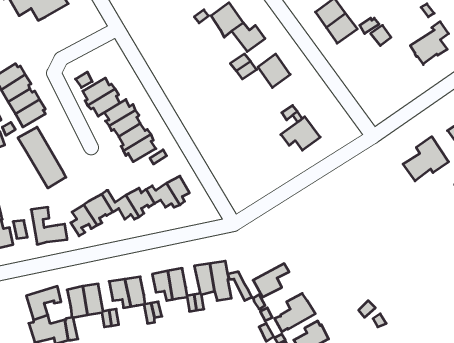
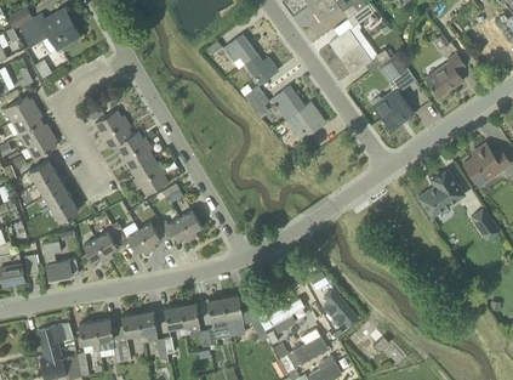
building: none -> [371,87,414,126]
building: [281,117,320,150] -> [286,101,326,135]
building: none -> [324,288,359,325]

